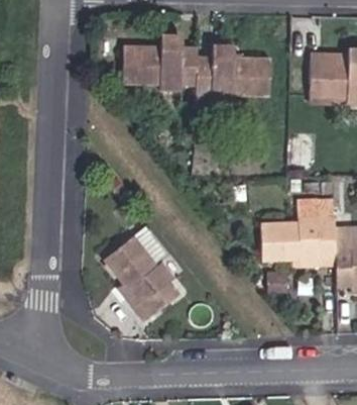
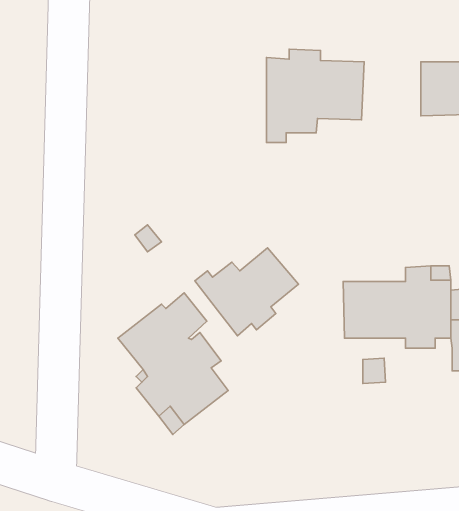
building: [123,32,204,91] -> none
building: none -> [195,248,299,336]

